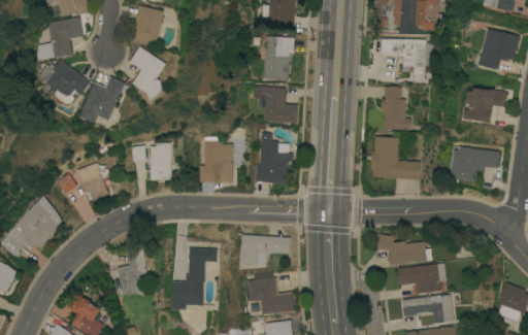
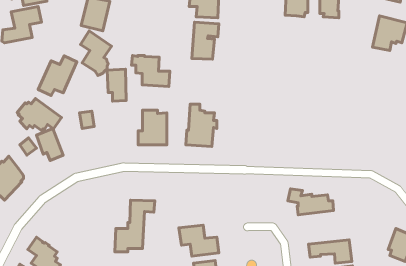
building: [381,38,432,81] -> none
building: [38,59,91,97] -> [17,99,61,131]
building: [253,86,298,123] -> [132,56,170,87]
building: [382,87,410,129] -> none
building: [464,88,506,123] -> none
building: [371,136,421,179] -> none
building: [150,142,172,180] -> [107,69,126,101]
building: [451,146,499,181] -> none
building: [241,235,291,265] -> none
building: [118,248,148,295] -> none
building: [398,263,447,293] -> none

